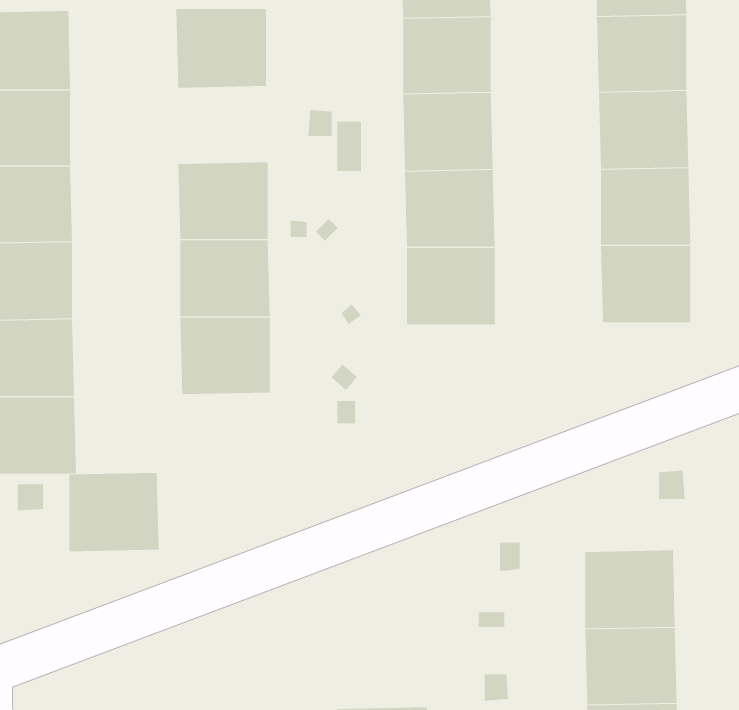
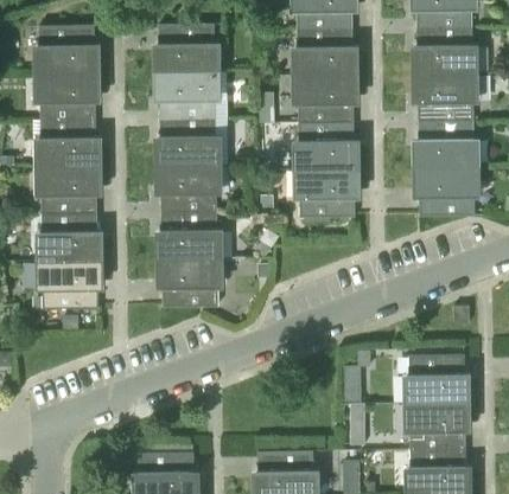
building: none -> [160,70,216,117]
building: [68,472,159,552] -> [163,257,218,306]

